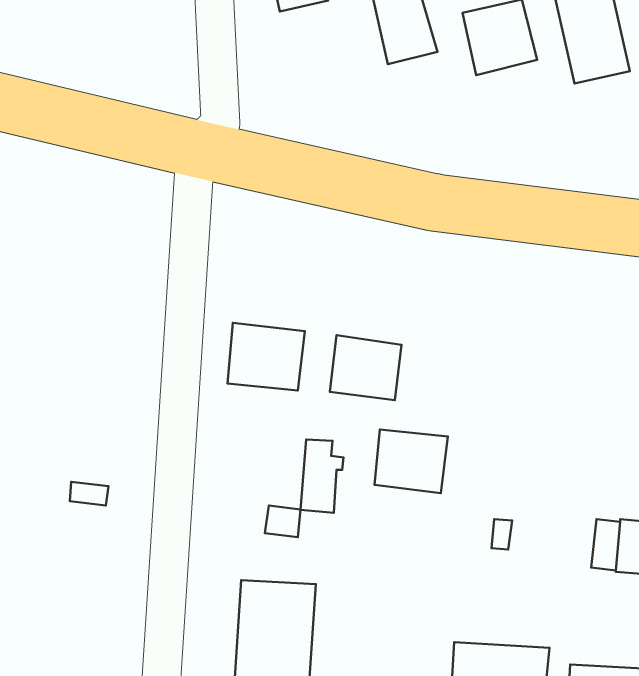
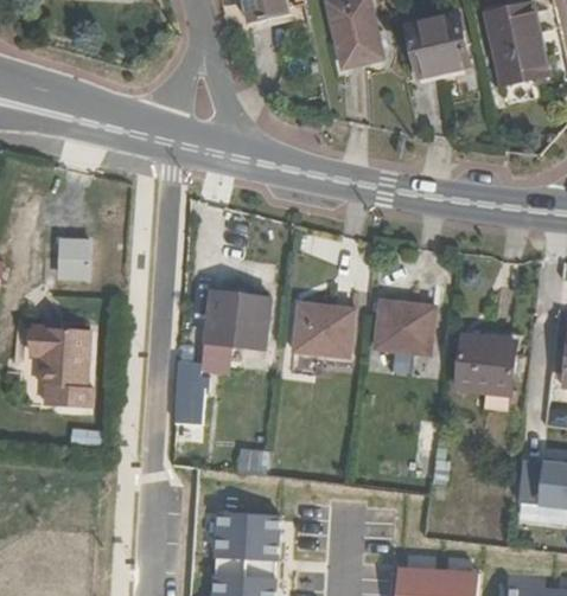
building: none -> [58,239,90,280]
building: none -> [31,327,94,409]
building: none -> [455,333,517,396]
building: [374,429,448,493] -> [374,301,437,355]
building: [301,439,343,513] -> [173,360,210,423]

